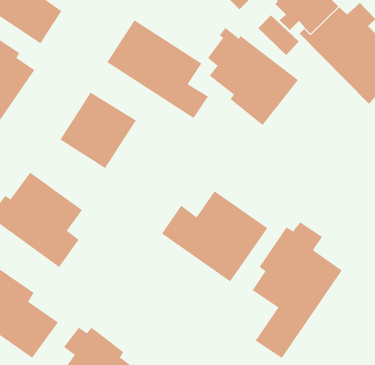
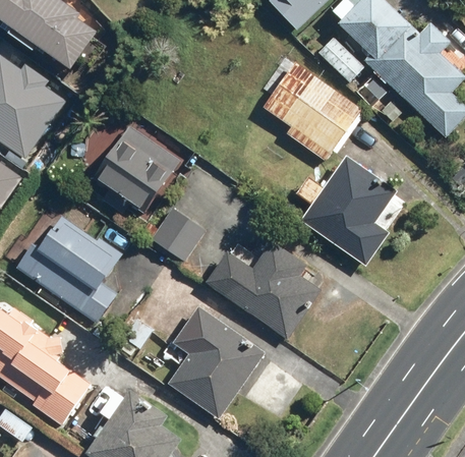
building: [107,20,209,119] -> none
building: none -> [296,158,394,268]
building: none -> [147,206,206,262]
building: [252,222,342,359] -> none
building: none -> [165,303,266,418]

